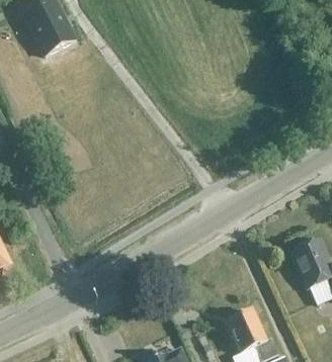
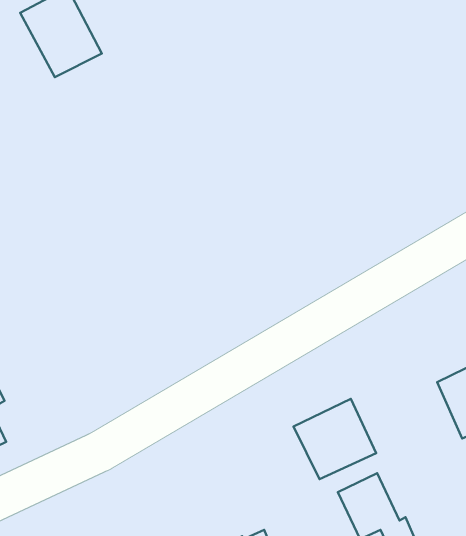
building: none -> [293,399,376,479]

